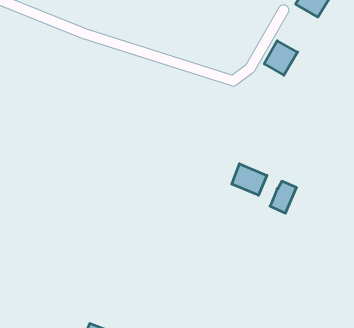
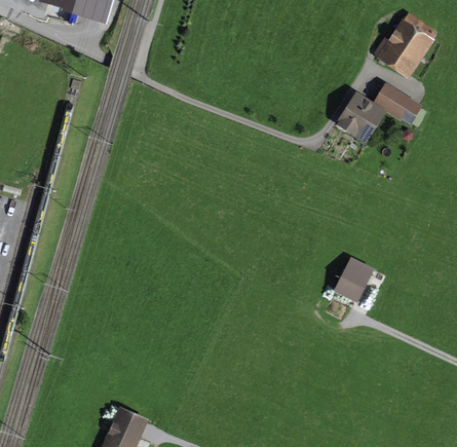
building: none -> [373,84,416,121]
building: [232,164,267,195] -> none

